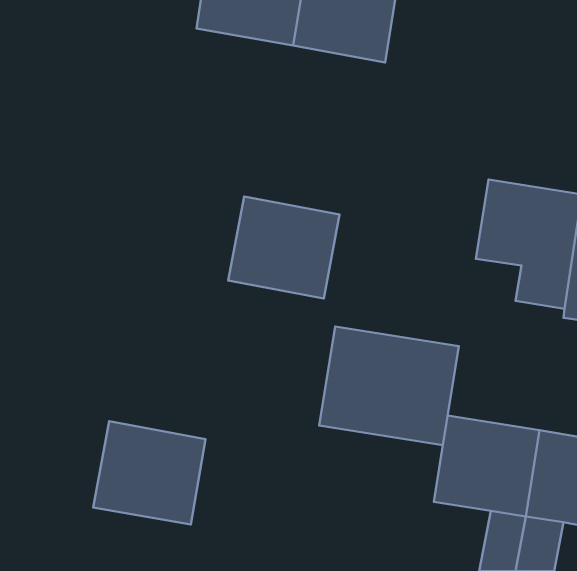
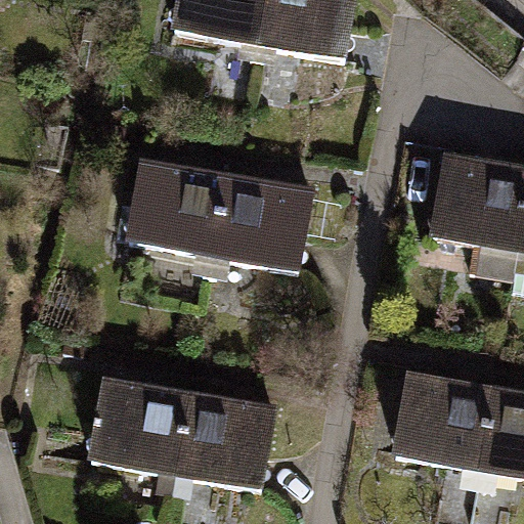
building: none -> [124,161,223,273]
building: [319,326,459,445] -> none
building: none -> [175,396,272,488]

